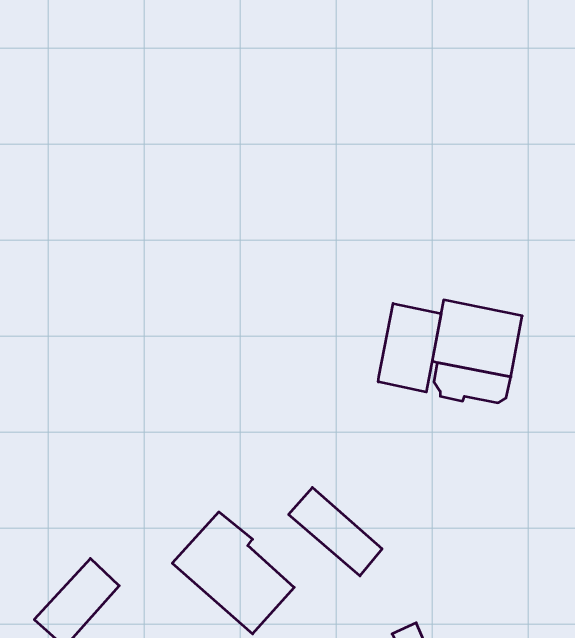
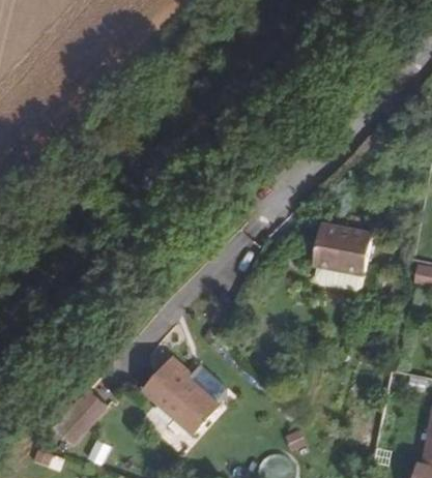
building: [378,303,441,392] -> none
building: [289,487,382,576] -> none

